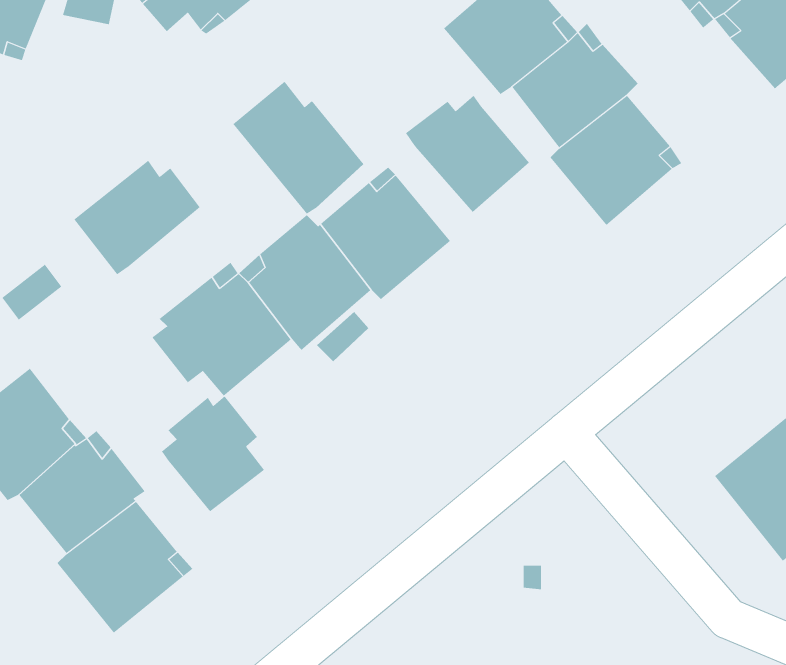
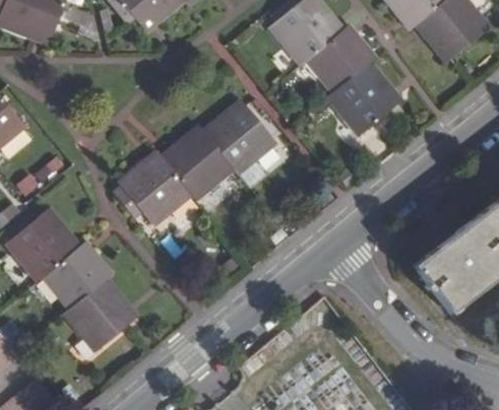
building: [232,81,364,214] -> none
building: [405,95,530,213] -> none
building: [73,160,201,275] -> none
building: [161,396,265,512] -> none

